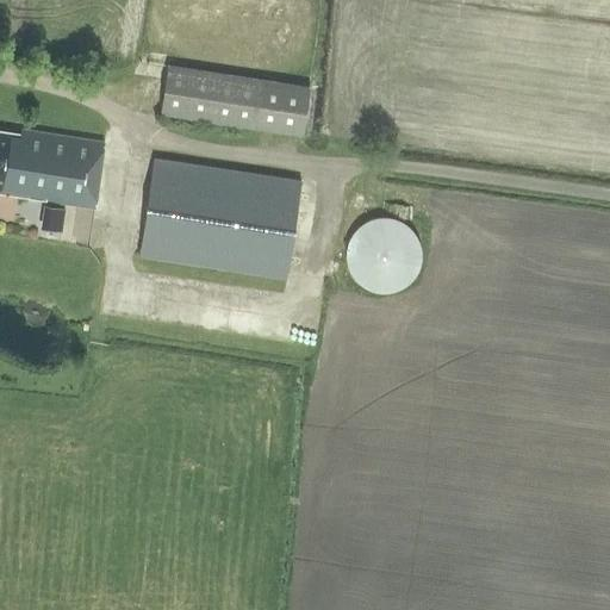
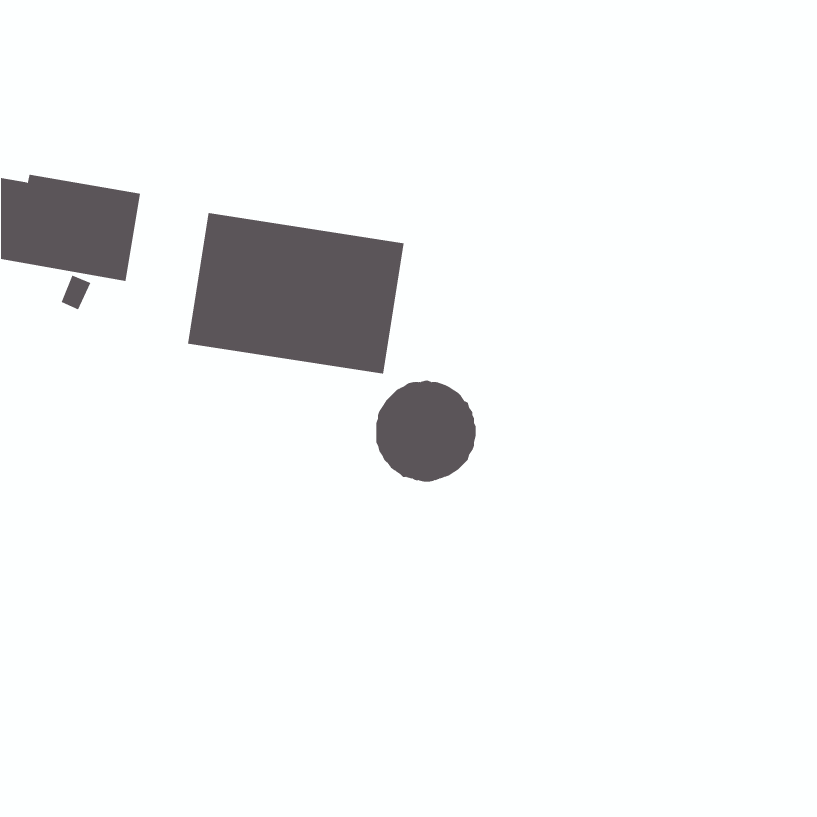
building: [161,66,310,136] -> none
building: [347,217,422,293] -> [376,380,476,482]

